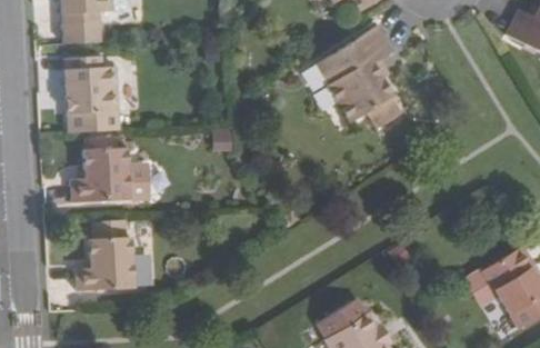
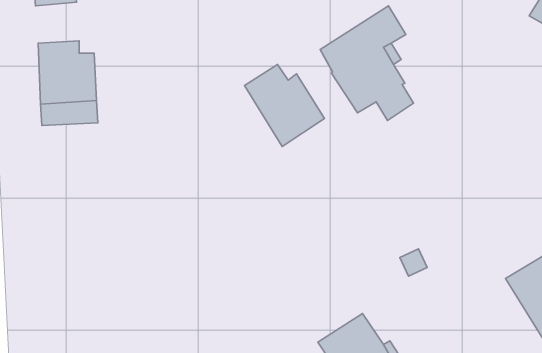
building: none -> [244,64,325,146]
building: [71,143,141,201] -> none
building: [77,232,146,290] -> none

